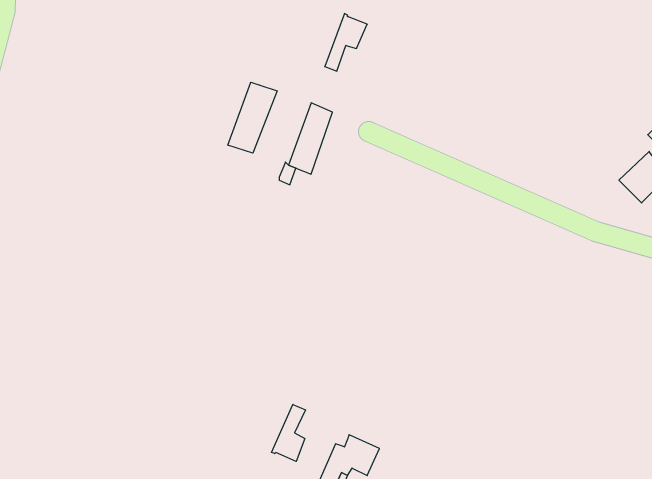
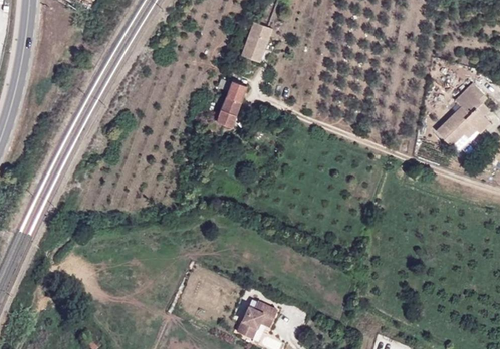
building: [228,82,277,153] -> none
building: [271,404,305,461] -> none

